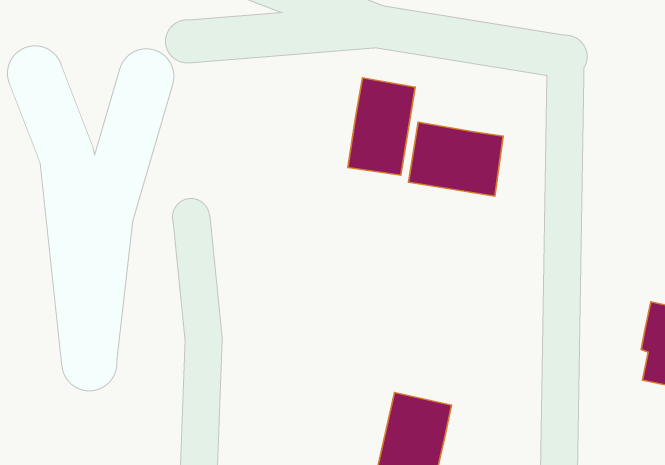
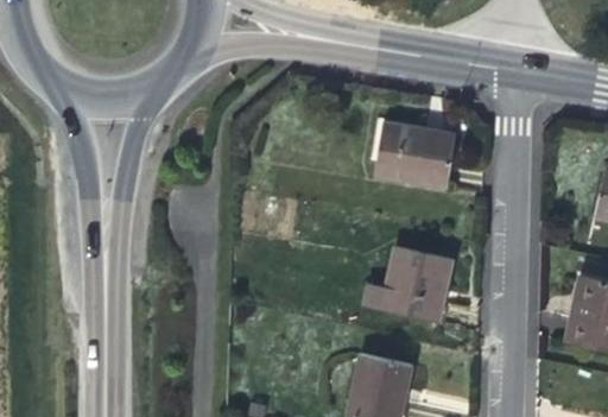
building: [348,78,415,175] -> none
building: none -> [365,246,452,323]

